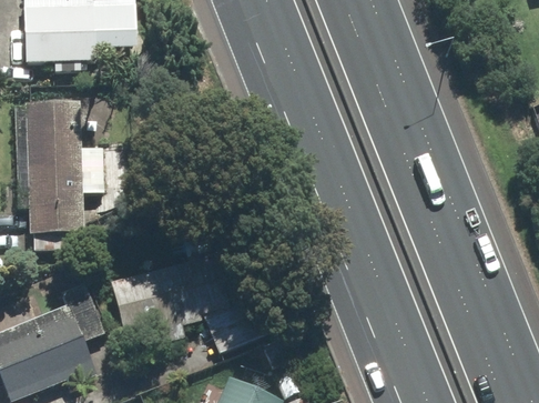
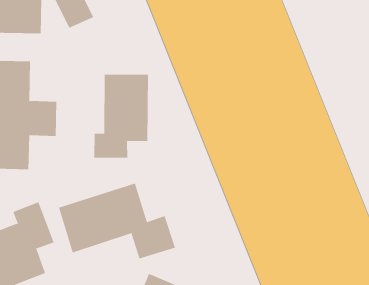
building: none -> [94,74,148,158]

